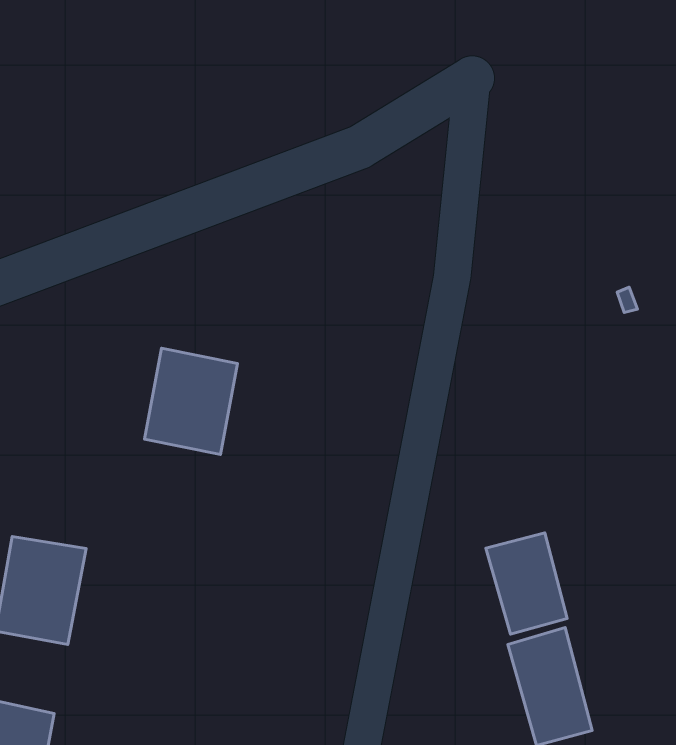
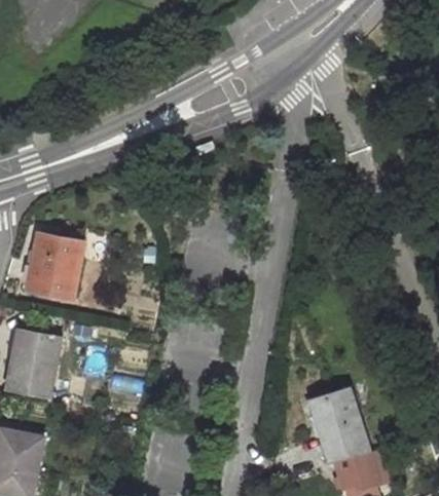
building: [145,348,237,454] -> [23,233,79,298]
building: [486,533,567,634] -> none

